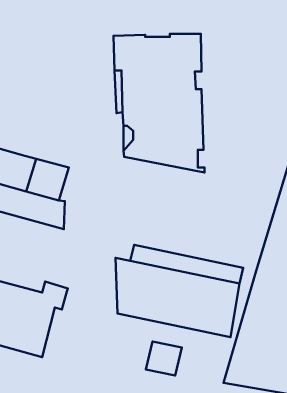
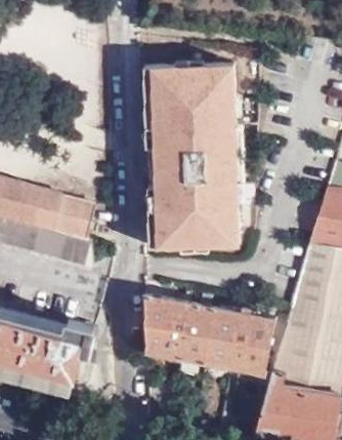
building: none -> [147,191,238,245]
building: [146,341,182,376] -> none

